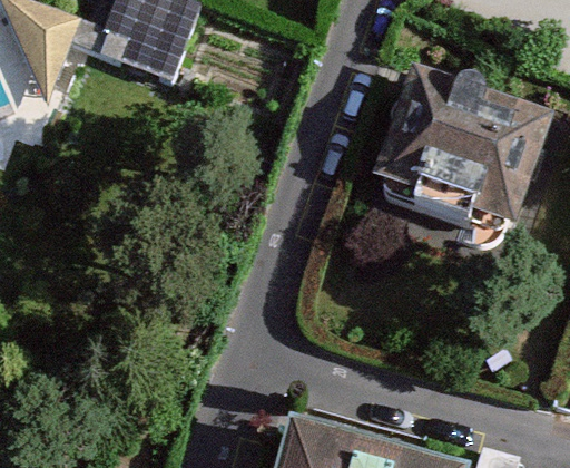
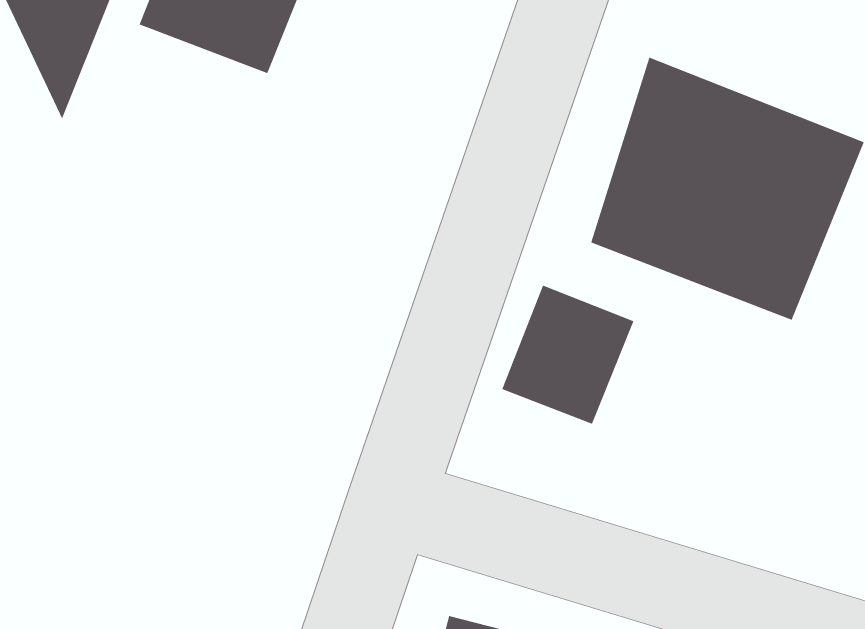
building: none -> [501,284,635,425]

